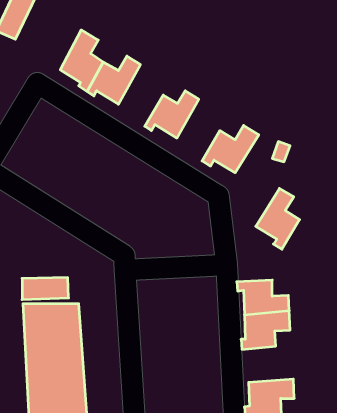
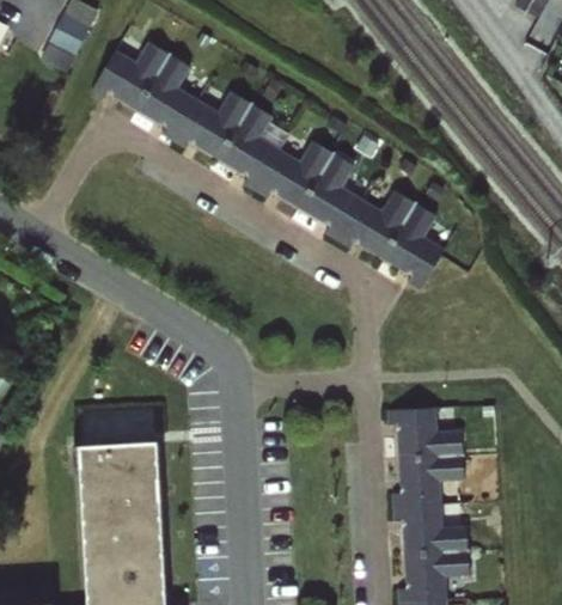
building: none -> [88,43,164,110]
building: none -> [216,103,280,190]
building: none -> [299,152,360,239]
building: [256,188,300,249] -> [381,202,444,288]
building: none -> [391,501,464,552]

